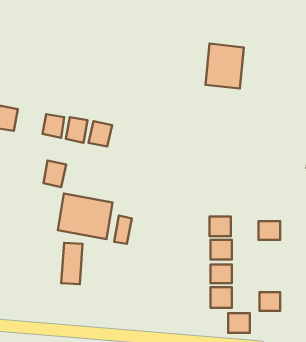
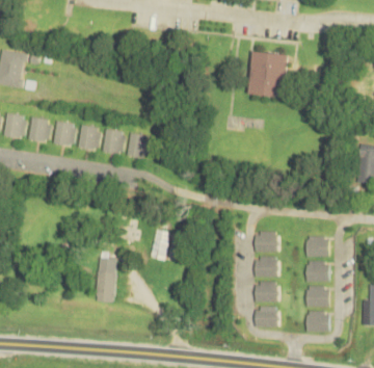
building: [43,160,66,187] -> [53,119,77,147]
building: [58,193,113,239] -> none
building: none -> [305,262,328,283]
building: [228,313,250,333] -> [305,287,328,308]

